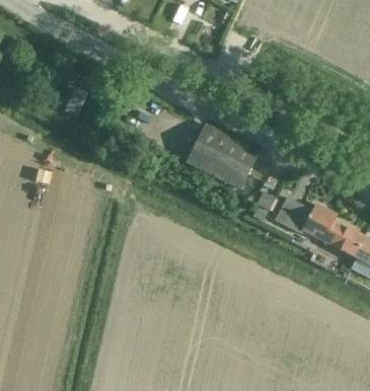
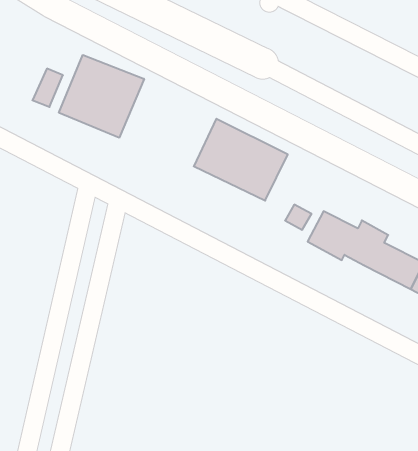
building: none -> [59,55,144,138]

